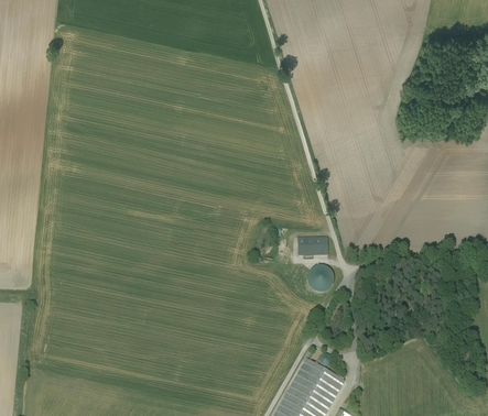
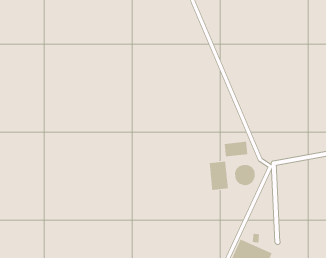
building: none -> [209,161,229,191]

